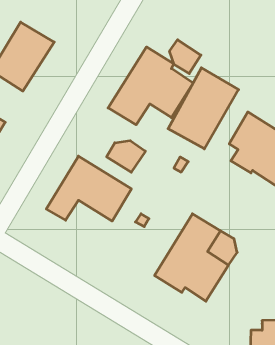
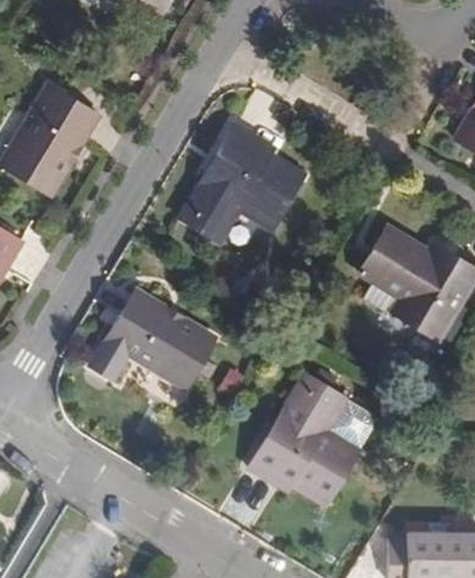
building: [170,40,201,74] -> none
building: [168,68,239,149] -> none
building: [107,141,145,172] -> none

